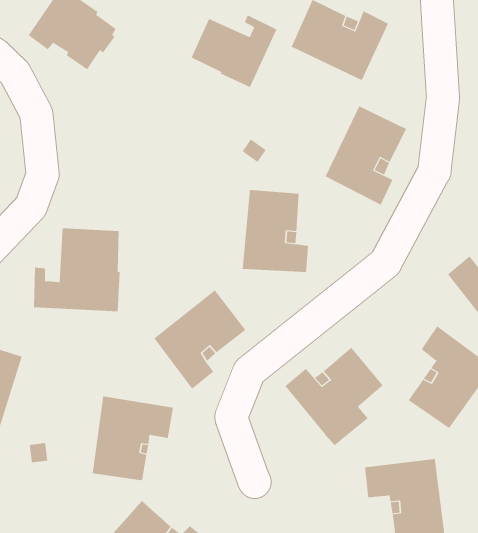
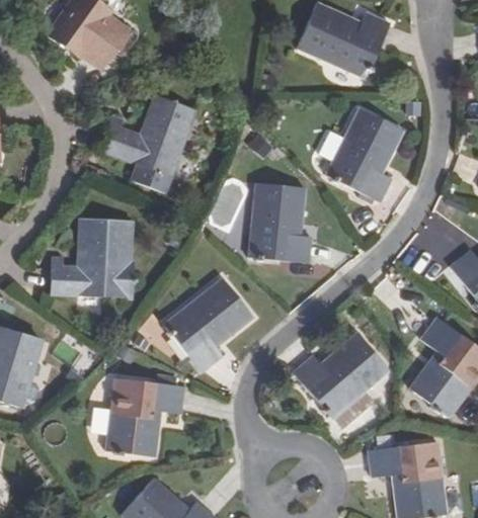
building: [191,14,277,88] -> none
building: none -> [100,95,196,194]

